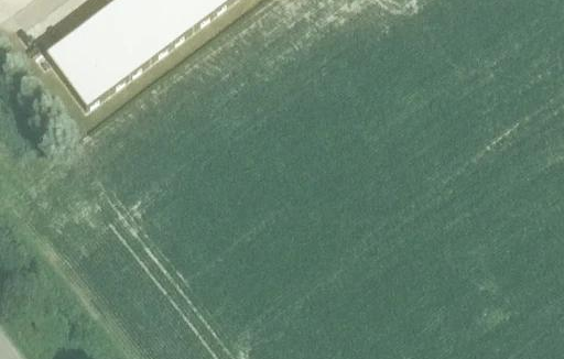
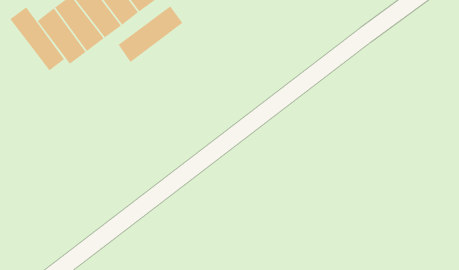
building: none -> [118,6,183,63]
building: none -> [10,6,65,71]

